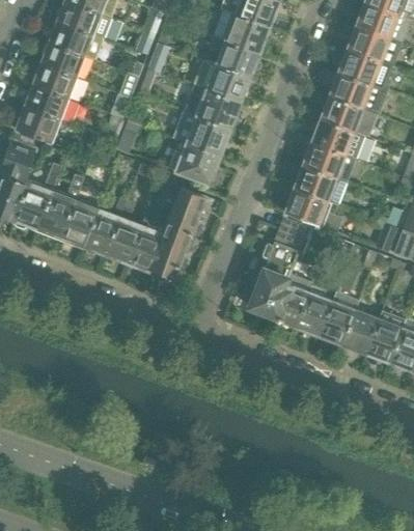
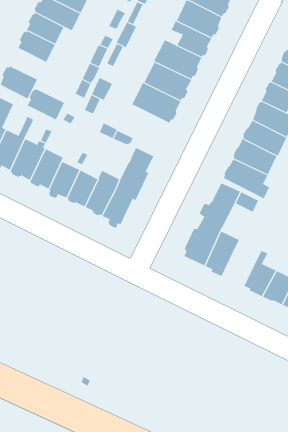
building: [26,85,70,119] -> [27,88,65,120]
building: [168,140,219,183] -> none
building: [296,284,333,335] -> none

